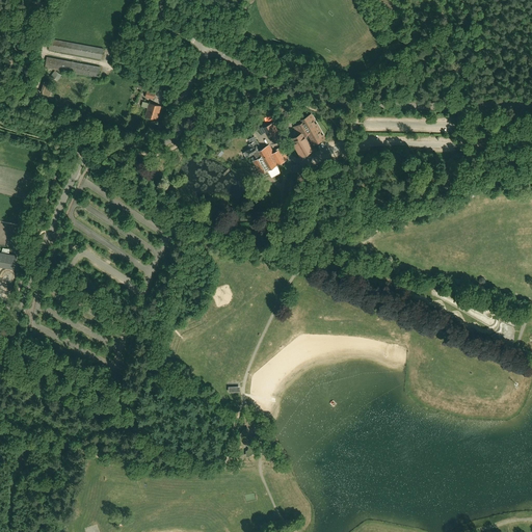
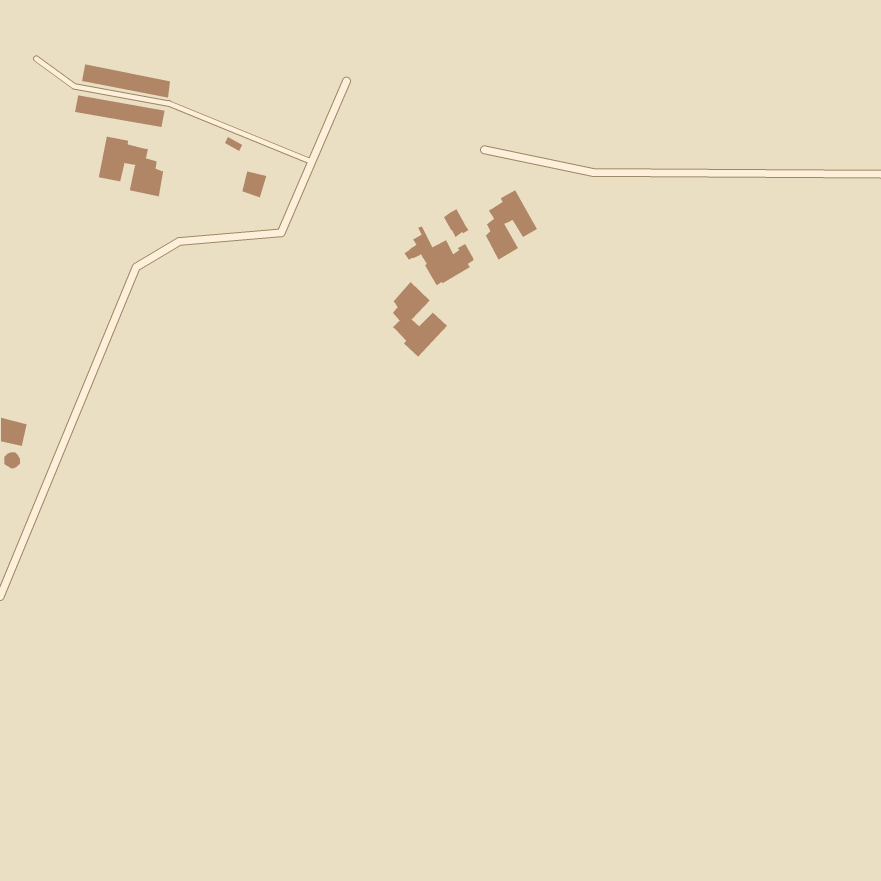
building: none -> [98,136,164,197]
building: none -> [392,281,448,358]

